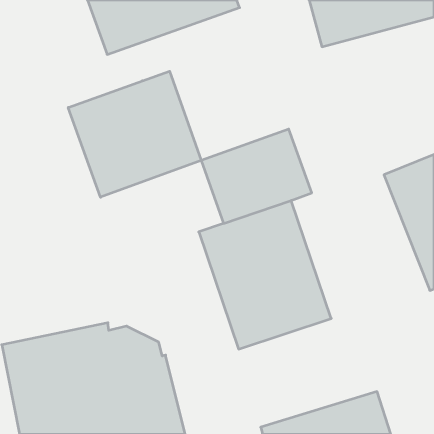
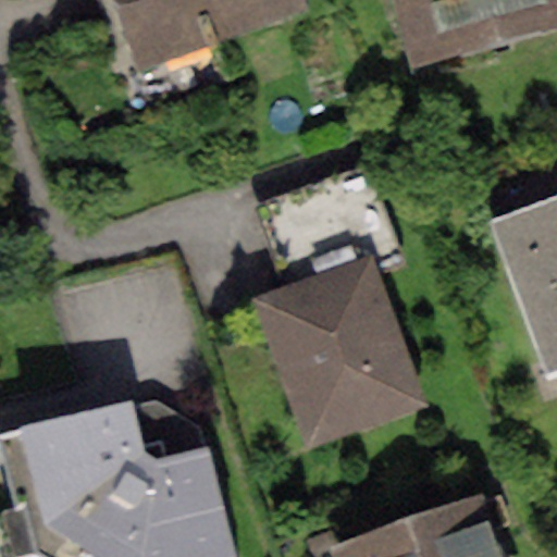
building: [68,71,201,197] -> none

